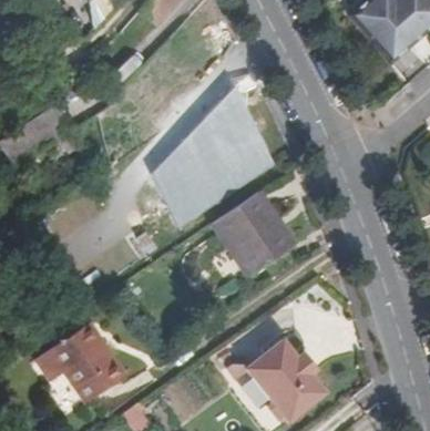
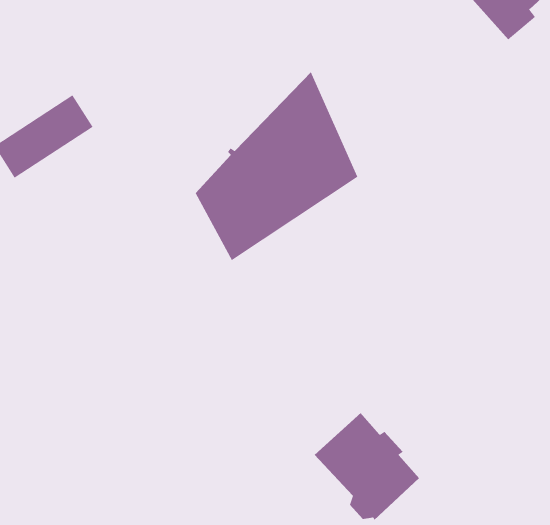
building: [212,192,294,275] -> none
building: [37,326,125,402] -> none

